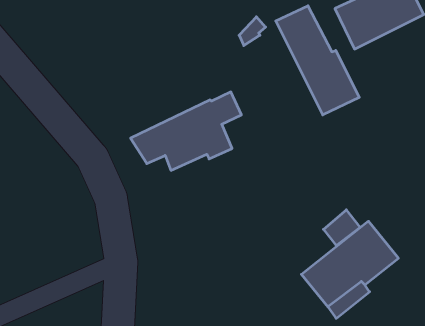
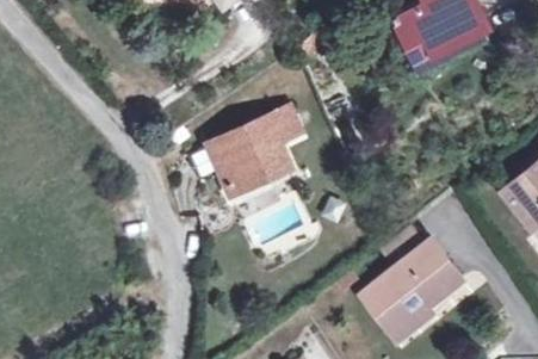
building: [276,6,359,115] -> none

